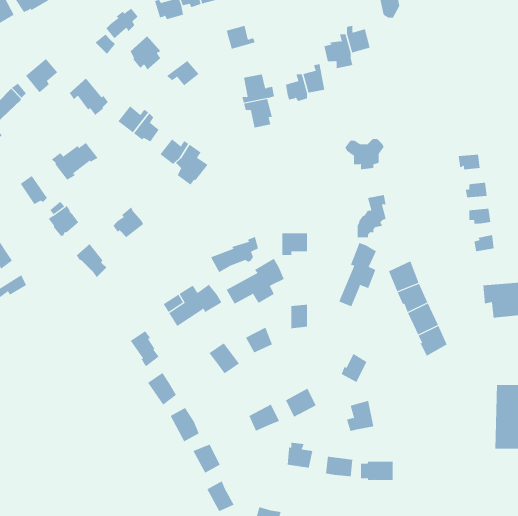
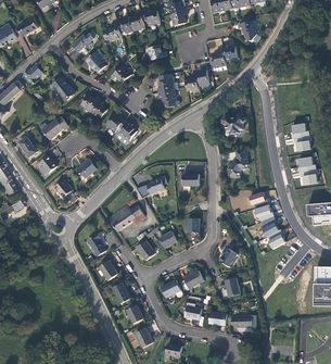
building: [338,242,377,307] -> none
building: [226,258,286,305] -> none

